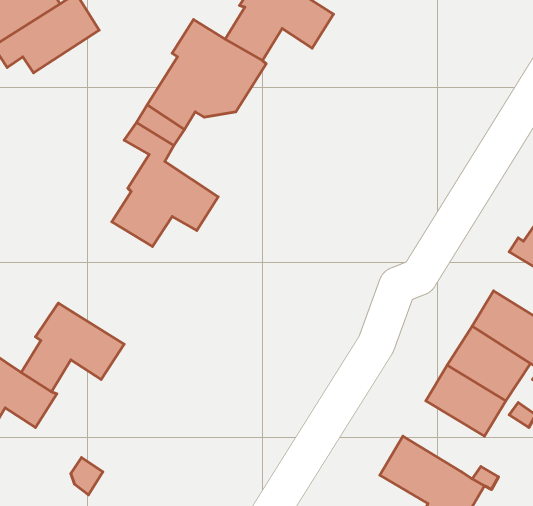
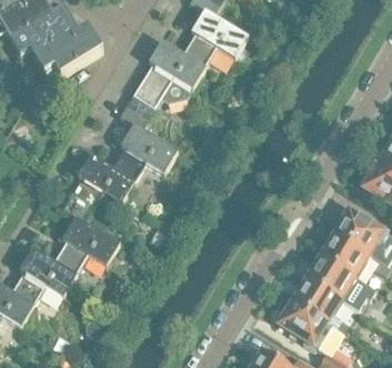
building: none -> [60,155,137,224]
building: none -> [292,279,343,324]

